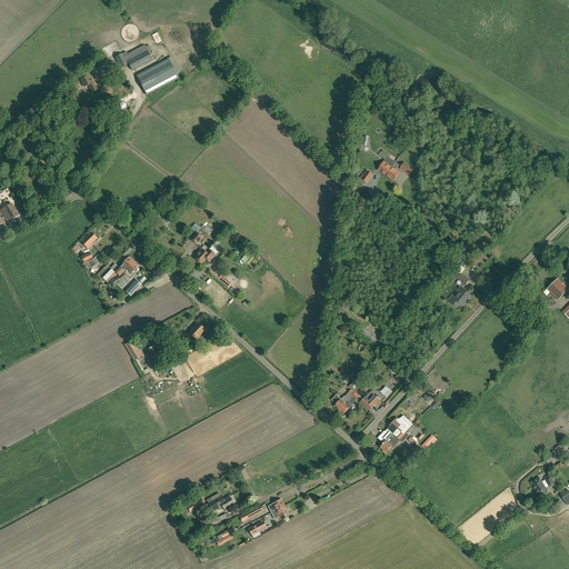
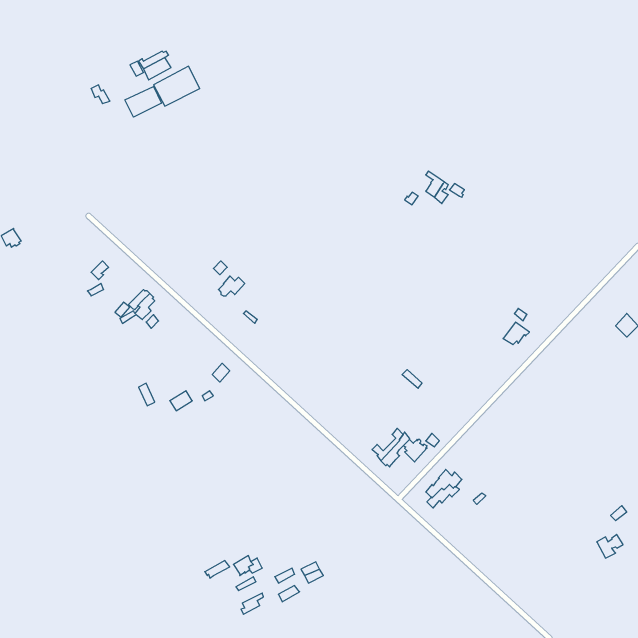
building: none -> [125,87,161,117]

